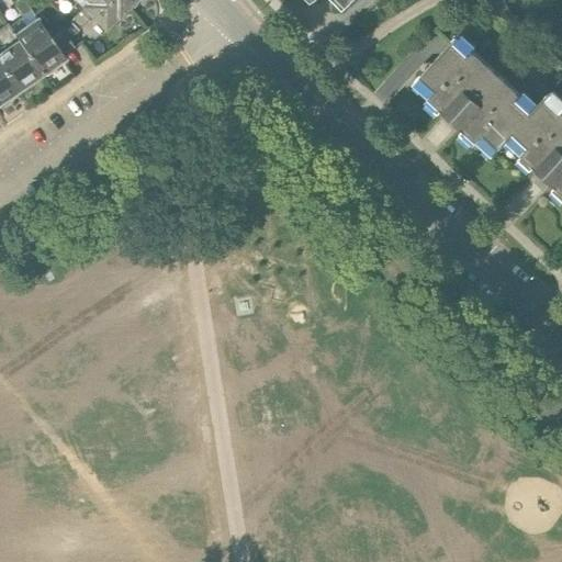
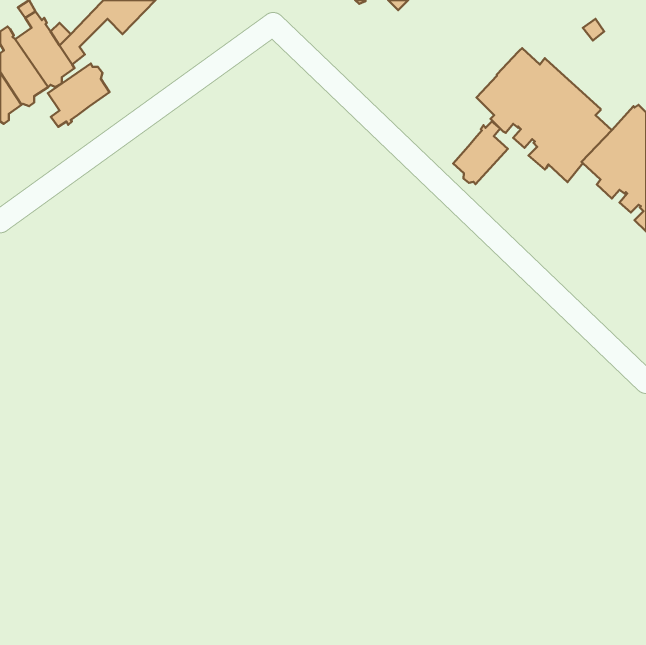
building: none -> [48,64,110,127]
building: none -> [453,121,508,184]

